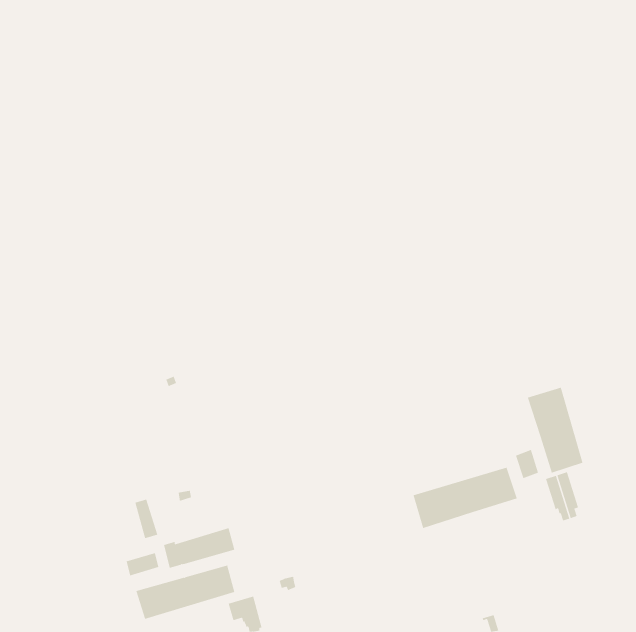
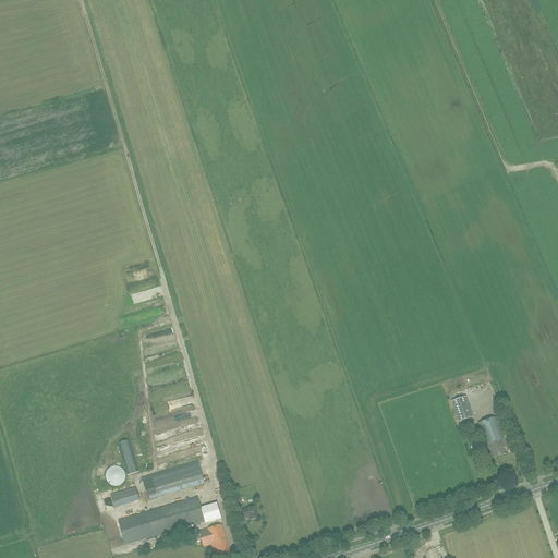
building: [527,387,583,473] -> none
building: [413,467,517,529] -> none

